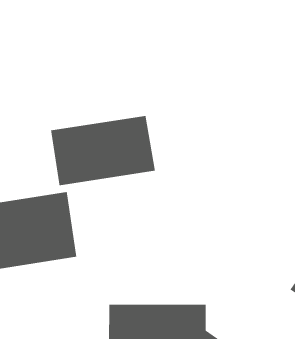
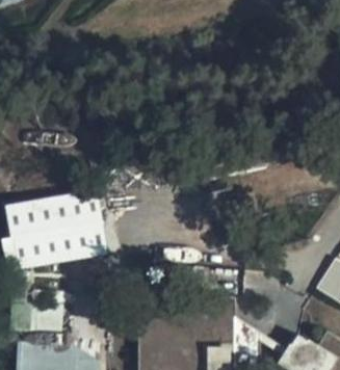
building: [50,115,155,186] -> none

